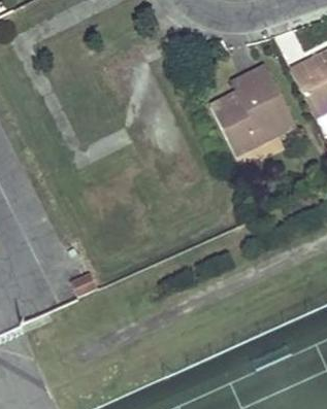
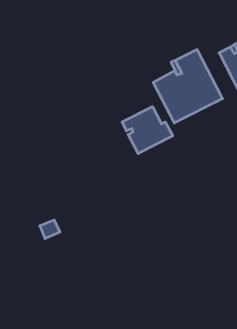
building: none -> [122,107,173,154]

